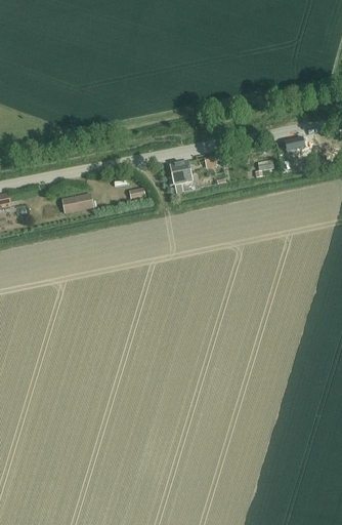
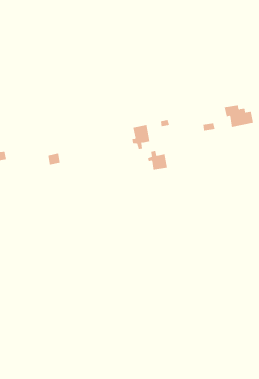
building: none -> [148,150,168,170]

